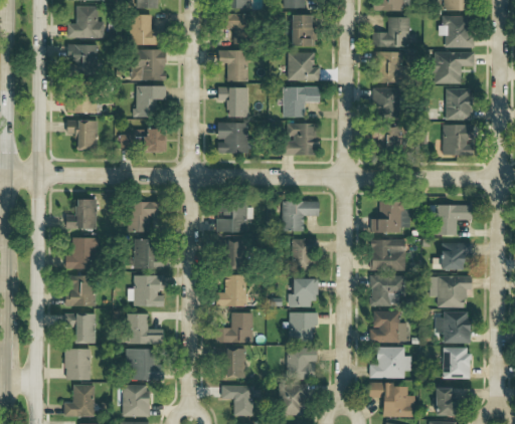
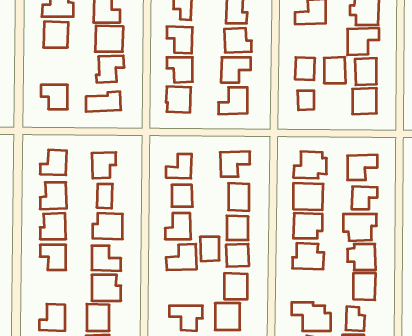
building: [376,50,402,81] -> [324,57,346,83]
building: [66,90,101,113] -> none
building: [369,346,412,378] -> none
building: [63,349,92,380] -> none
building: [223,349,246,378] -> [200,237,219,261]

